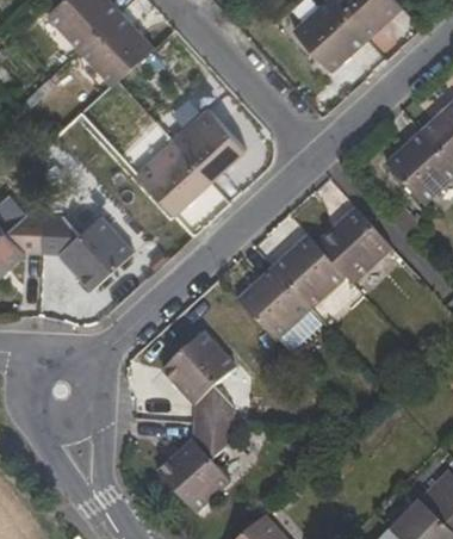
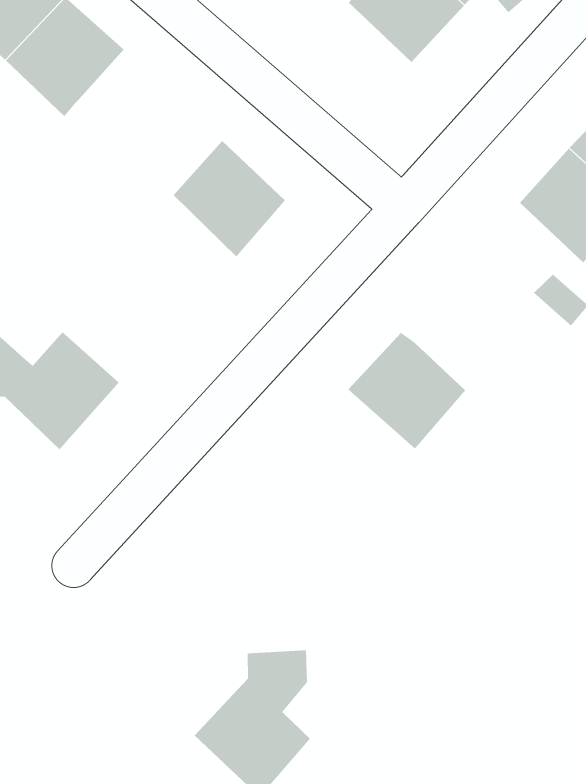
building: [137,138,210,213] -> none
building: [315,207,390,283] -> none
building: [236,267,309,341] -> none
building: [161,333,235,425] -> none

